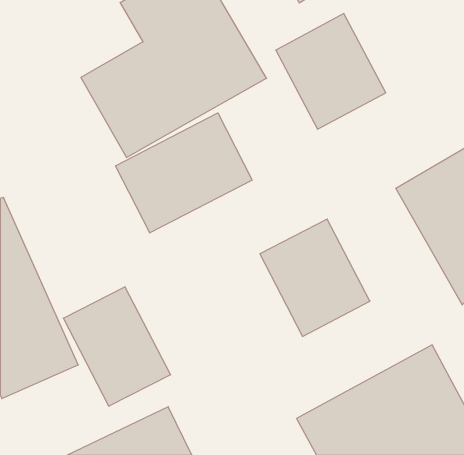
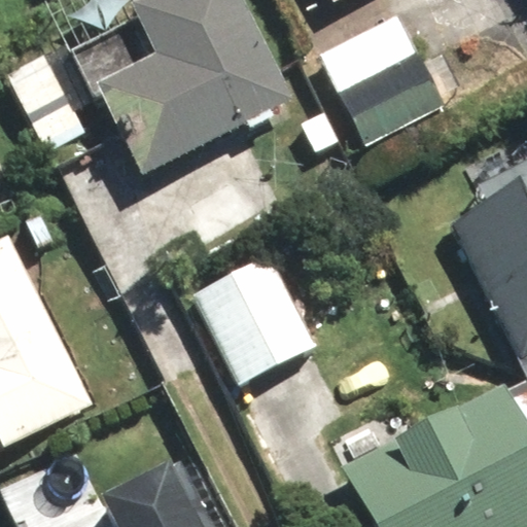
building: [116,113,252,233] -> none
building: [260,219,370,336] -> [188,254,313,387]
building: [63,287,170,406] -> none

